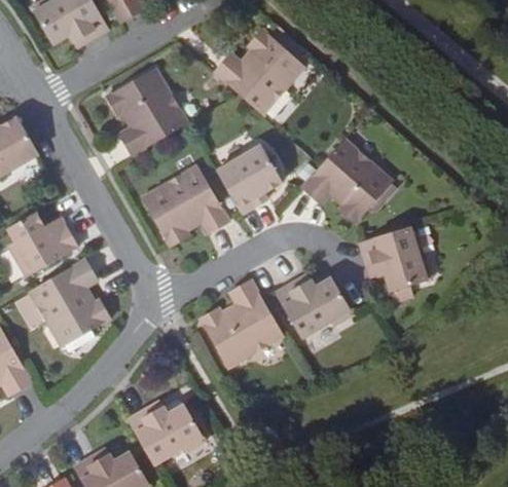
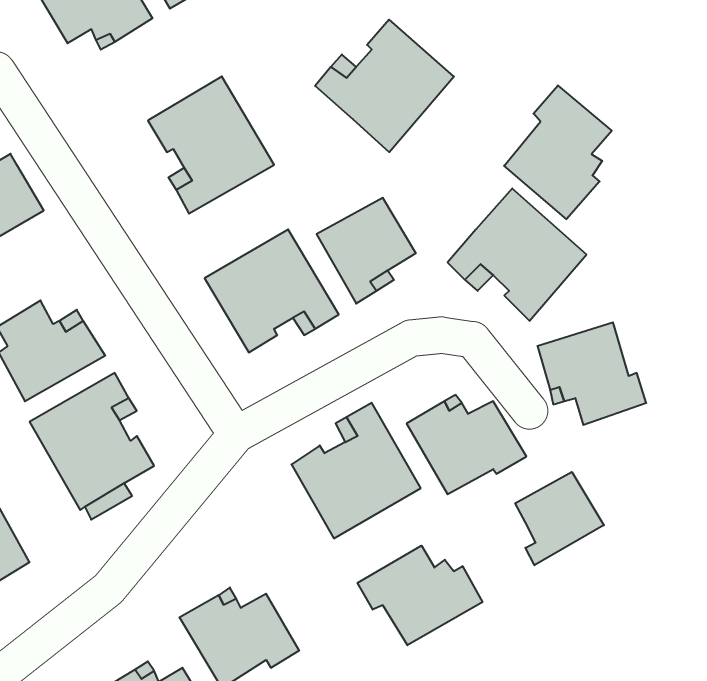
building: none -> [504,85,612,219]
building: none -> [515,472,604,565]
building: none -> [358,546,482,645]

